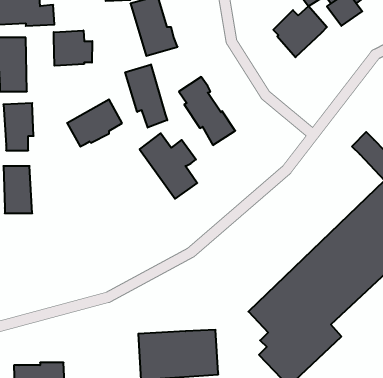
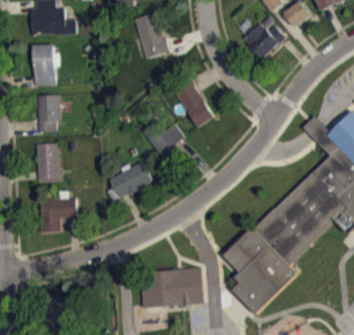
building: [54,30,92,66] -> none
building: [125,64,167,128] -> none
building: [67,99,122,147] -> [109,161,151,198]
building: none -> [38,198,76,232]

